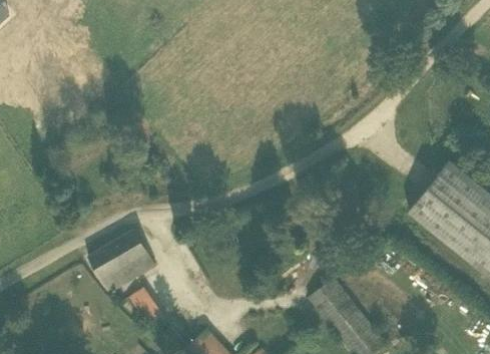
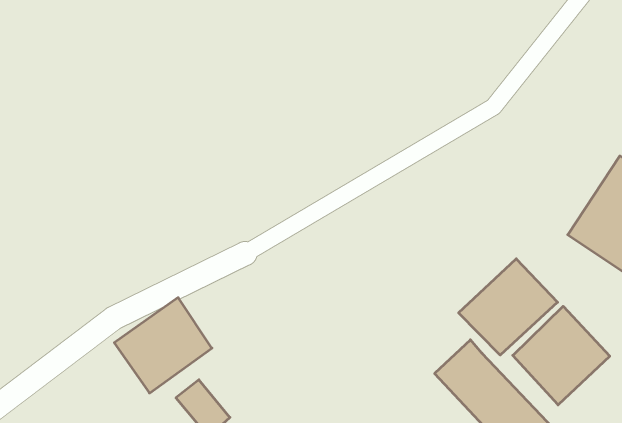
building: none -> [459,259,558,355]
building: none -> [513,306,610,405]

